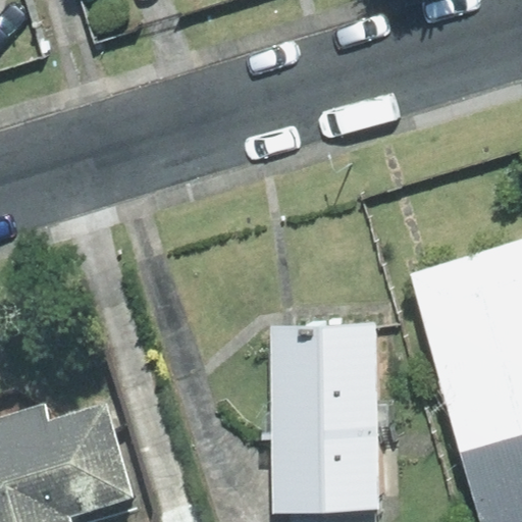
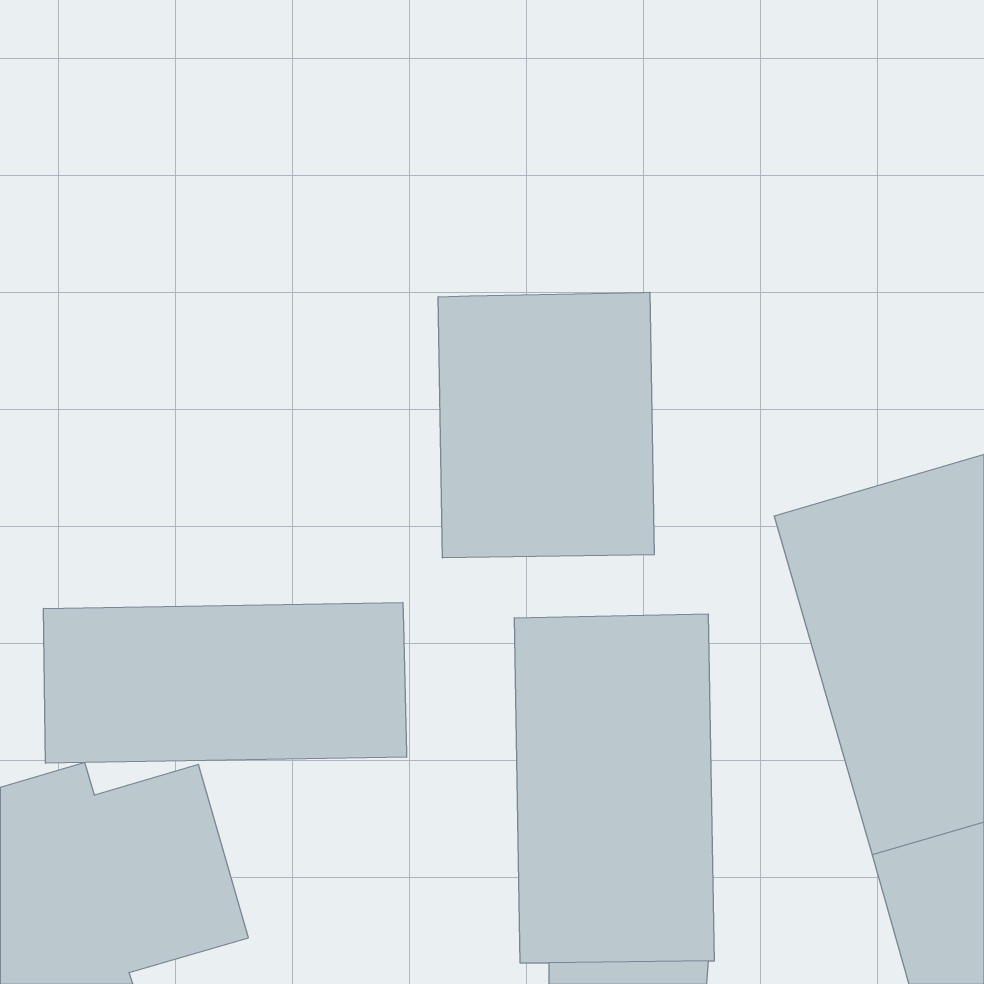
building: none -> [438,292,654,558]
building: none -> [44,602,407,763]

